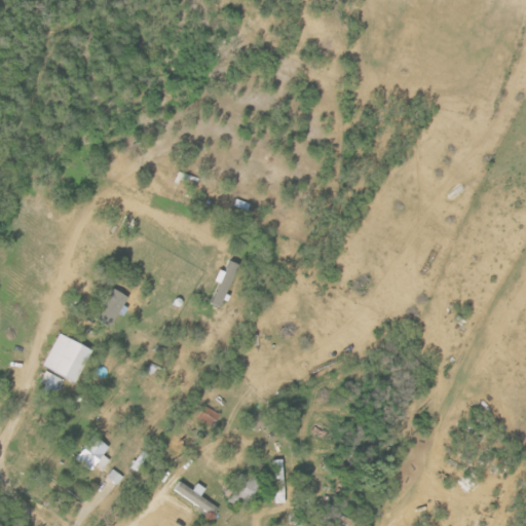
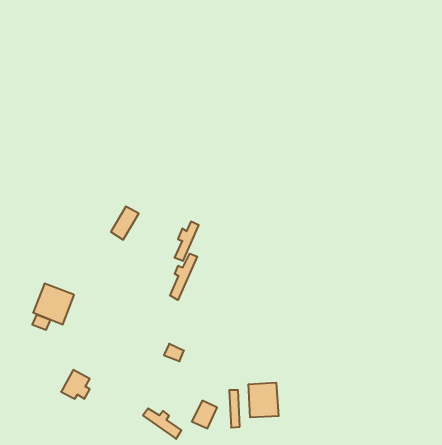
building: [95,289,127,328] -> [111,207,139,240]
building: none -> [170,254,197,300]
building: none -> [248,383,279,417]

